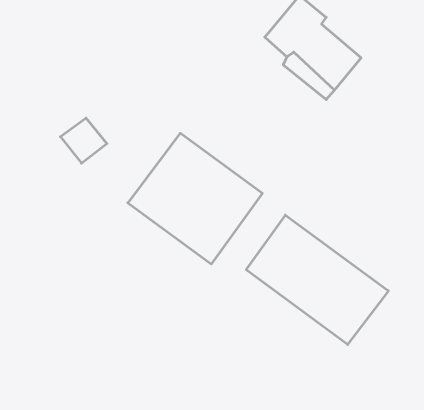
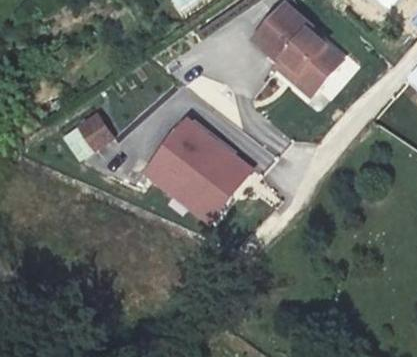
building: [246,215,388,345] -> none

